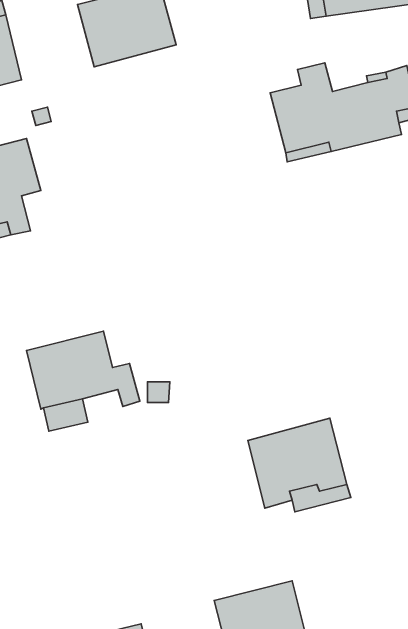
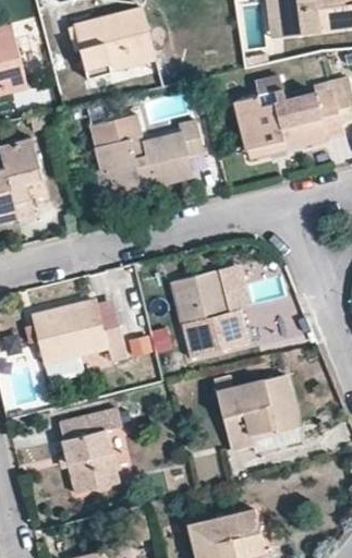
building: none -> [89,114,204,197]
building: none -> [170,265,246,355]
building: none -> [60,408,122,493]

